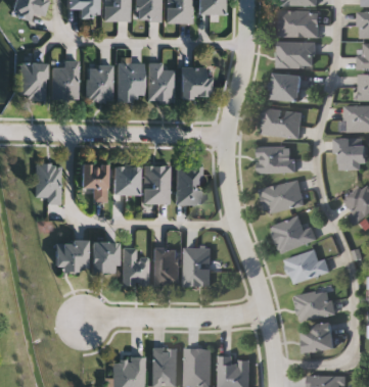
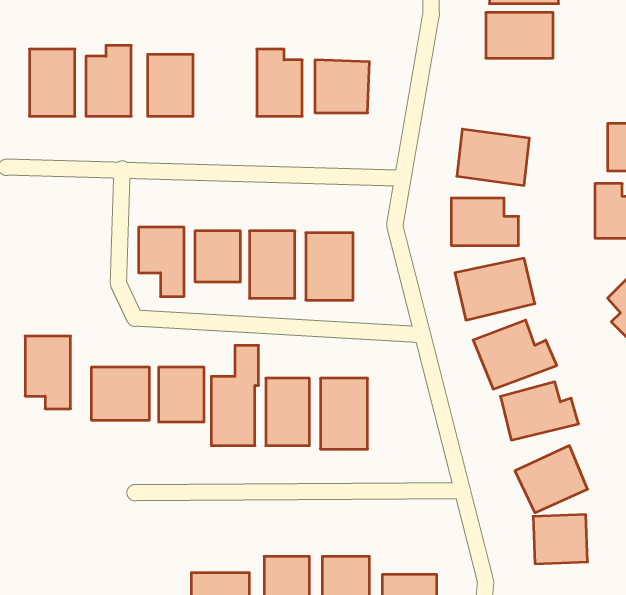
building: [118,62,144,101] -> none
building: [273,74,303,103] -> none
building: [35,163,60,204] -> [25,336,71,409]

